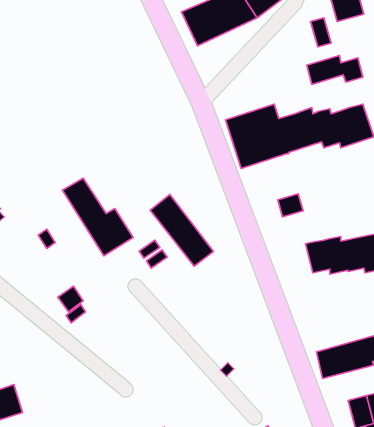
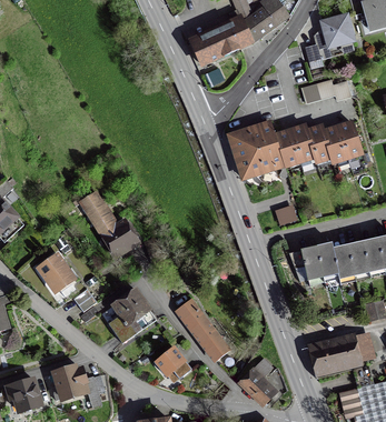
building: [150,194,213,266] -> [174,297,231,362]
building: none -> [36,251,79,297]
building: none -> [108,287,157,343]
building: none -> [154,344,192,383]
building: none -> [237,356,279,408]
building: none -> [51,363,106,406]

